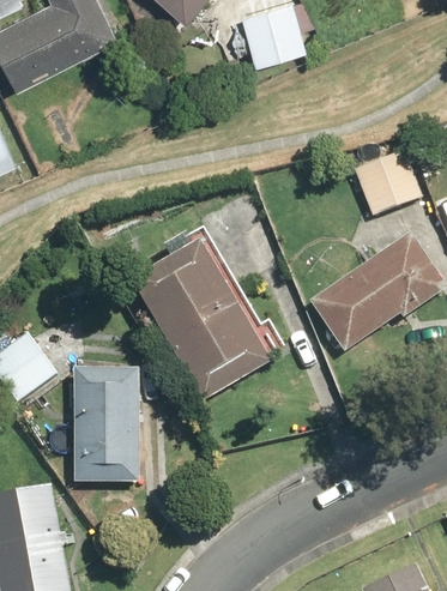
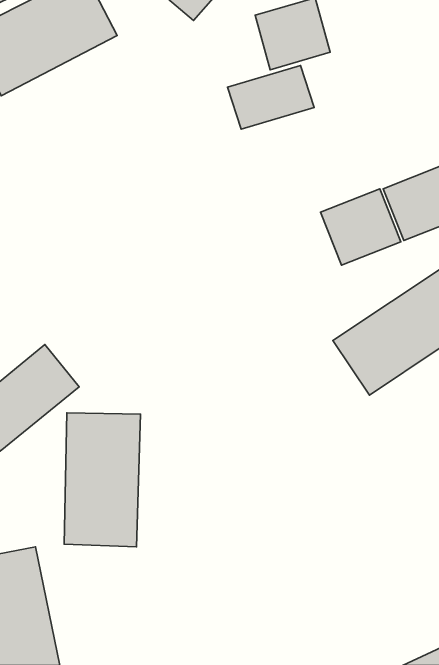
building: none -> [227,65,314,129]
building: none -> [320,189,401,265]
building: [133,229,271,400] -> none

